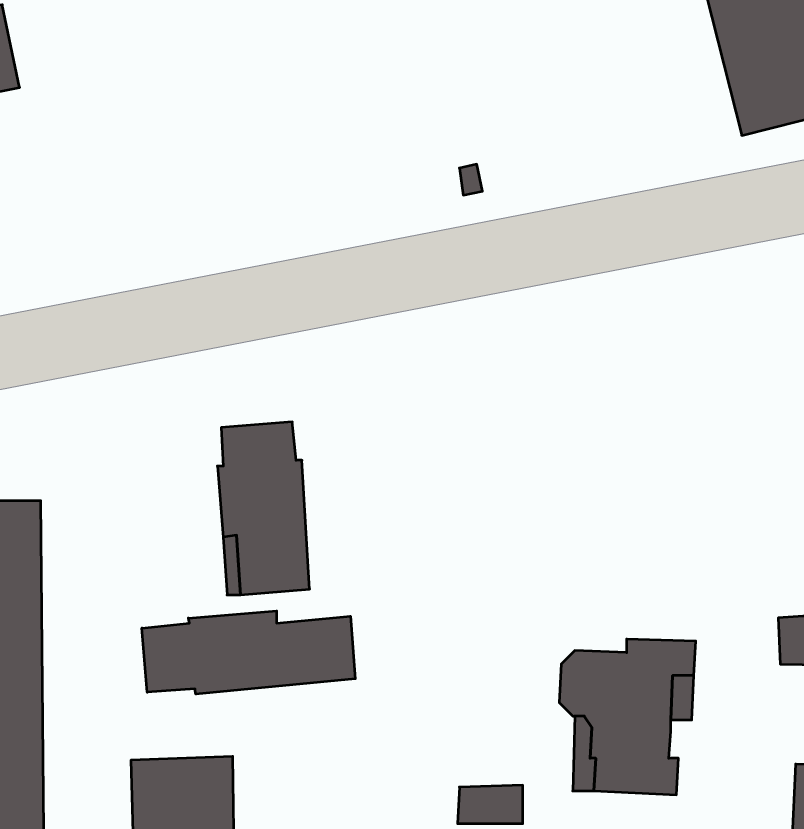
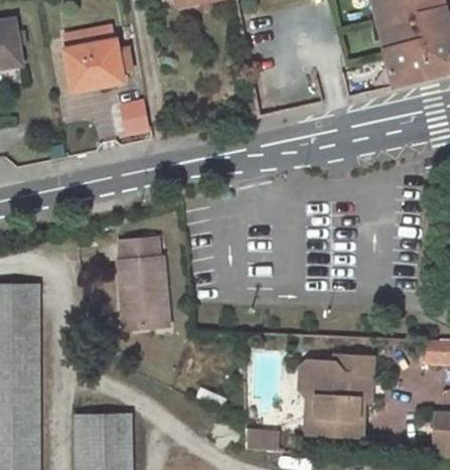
building: none -> [63,38,118,87]
building: none -> [118,98,152,137]
building: [142,611,355,694] -> none

